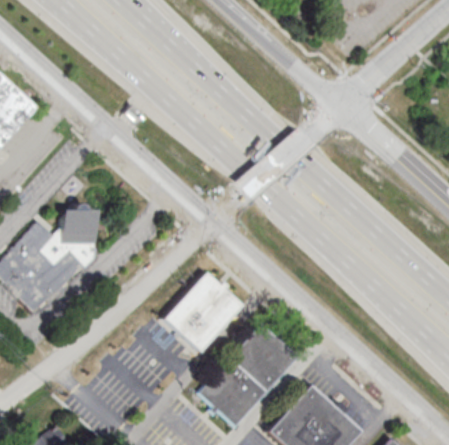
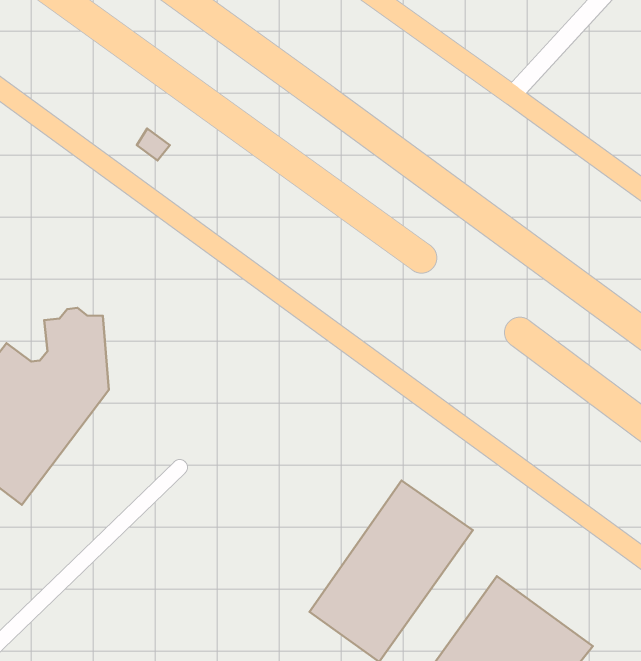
building: [163,271,242,352] -> none

